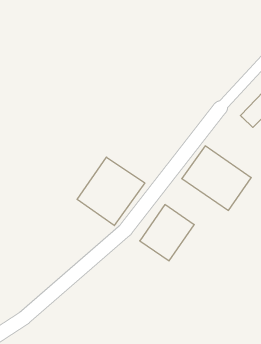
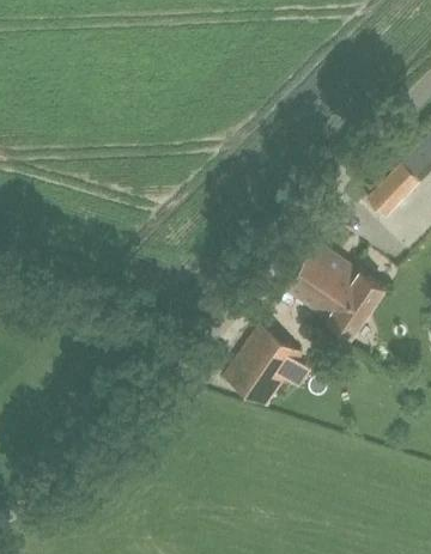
building: [77,157,145,226] -> none

